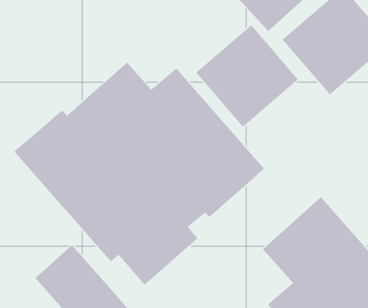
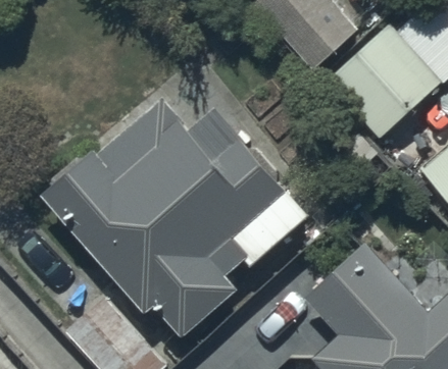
building: [195,24,299,128] -> none

